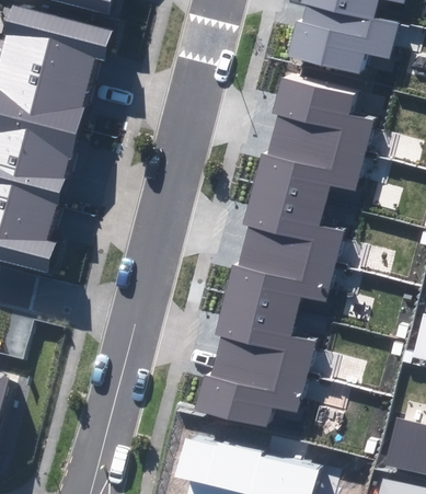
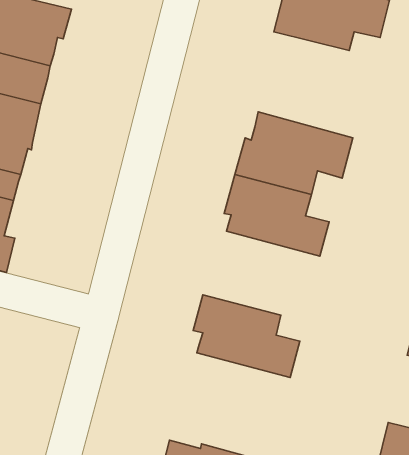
building: [277,78,373,153] -> none
building: [227,240,335,318] -> none
building: [200,353,308,425] -> none

